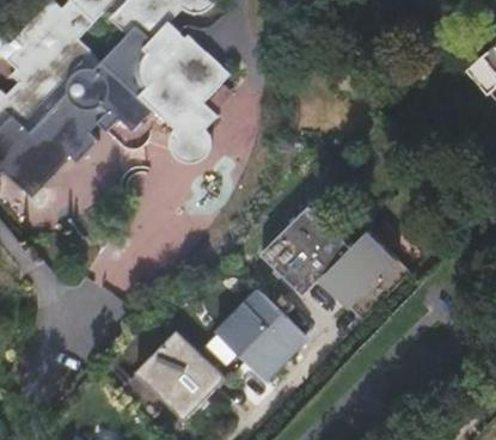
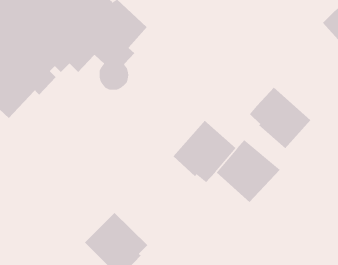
building: none -> [249,87,311,149]
building: [218,287,307,378] -> none

